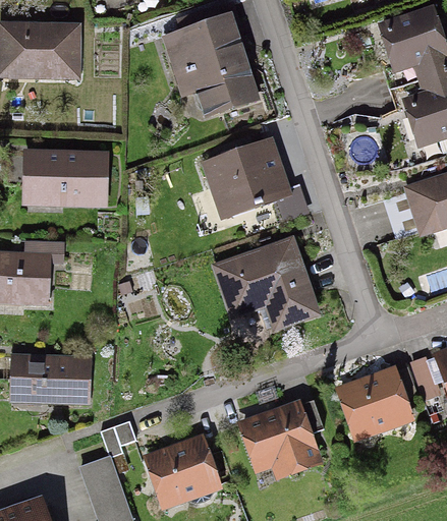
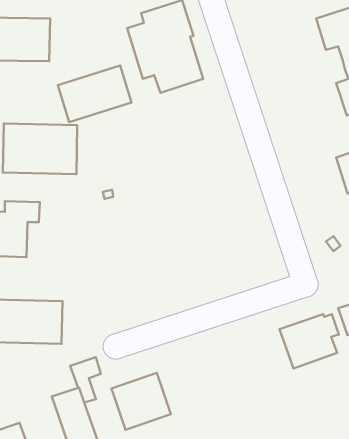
building: none -> [58,66,131,122]
building: [204,139,306,220] -> none
building: [217,243,314,328] -> none
building: [243,404,320,475] -> none

